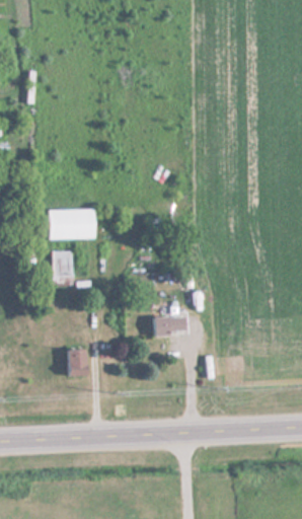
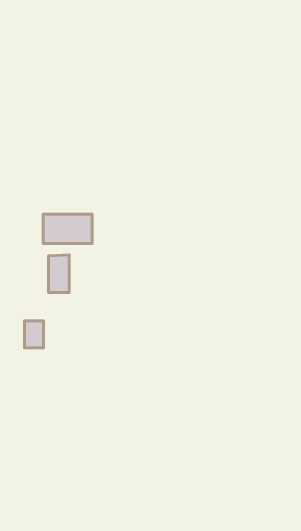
building: [153,316,186,335] -> none
building: [67,350,85,376] -> [25,321,43,348]

